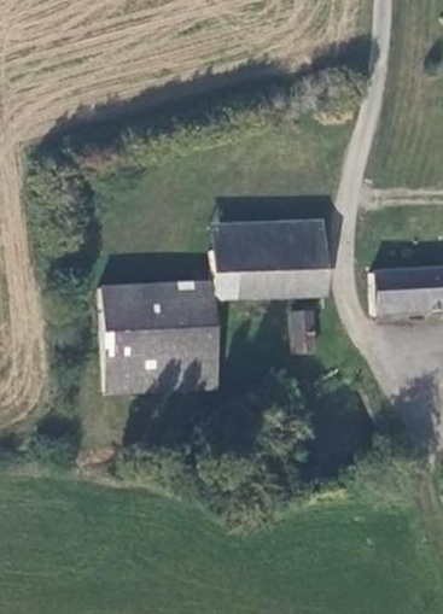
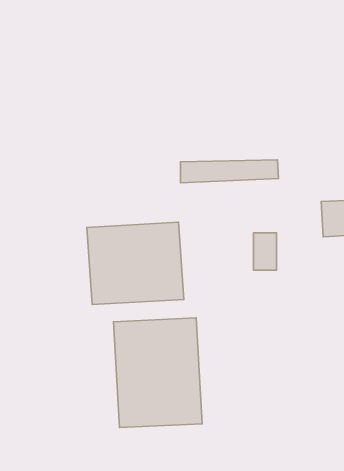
building: [212,245,327,297] -> none
building: none -> [114,318,202,427]

